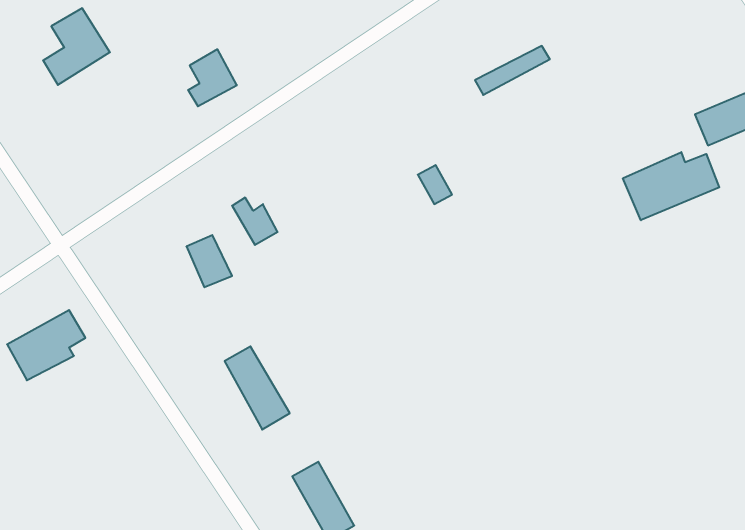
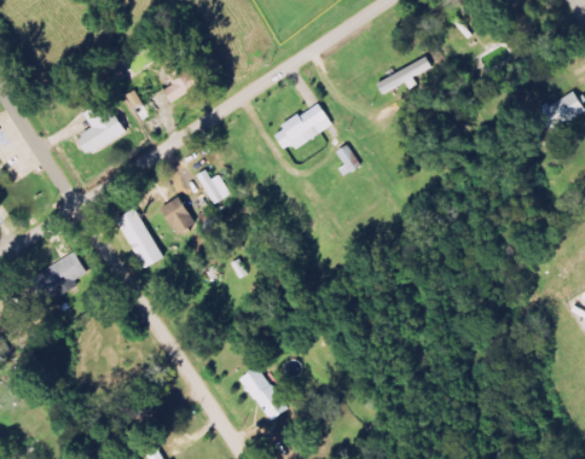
building: [43,8,110,85] -> [75,99,124,156]
building: none -> [273,103,330,153]
building: [623,152,719,220] -> none
building: [225,346,290,430] -> [115,208,163,269]

